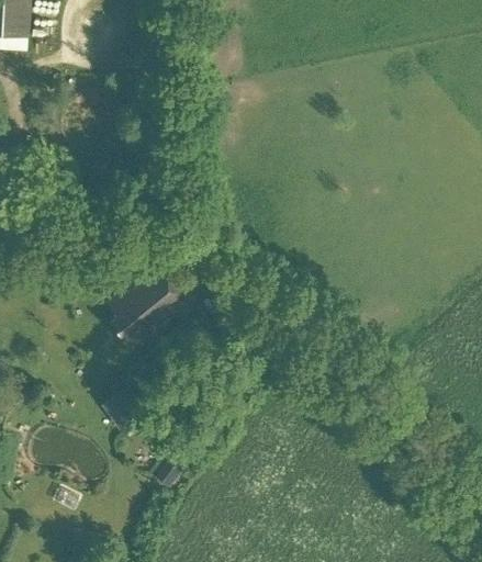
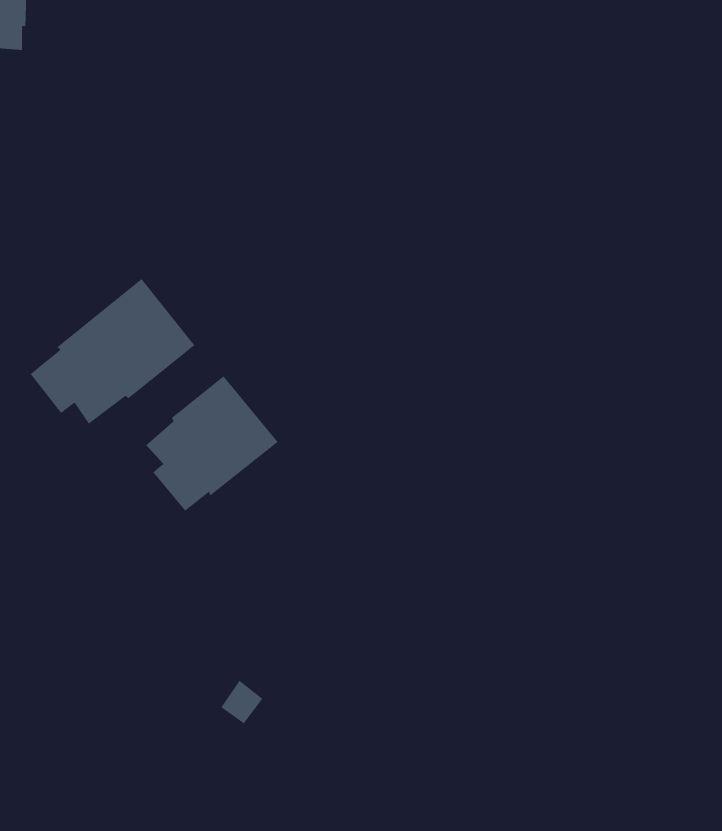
building: none -> [30,278,195,424]

